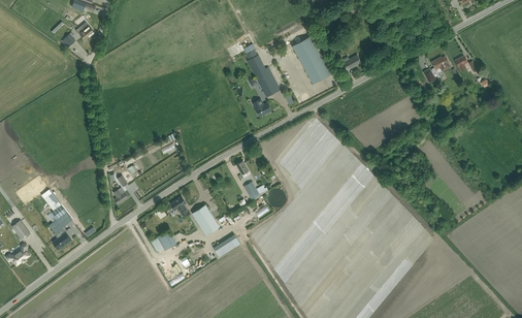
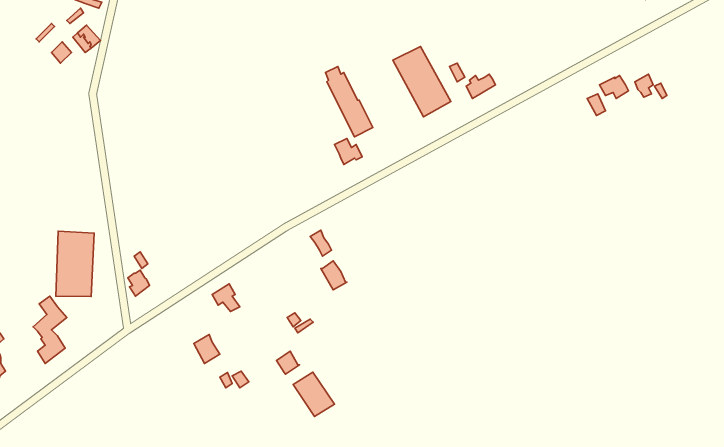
building: none -> [56,231,94,296]
building: [192,204,220,234] -> [293,372,334,417]

